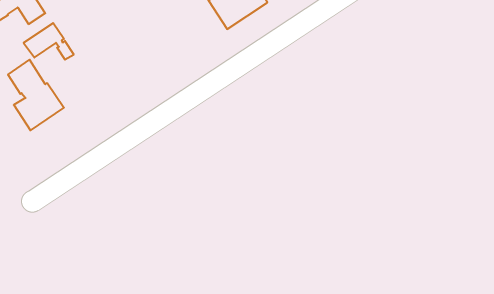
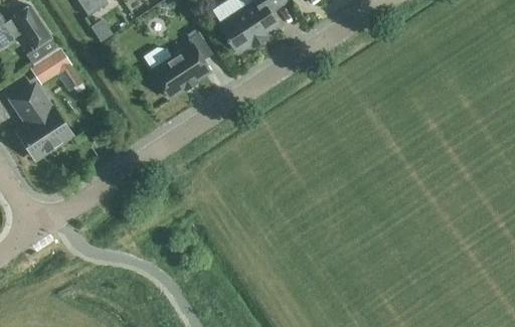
building: none -> [152,32,213,98]

